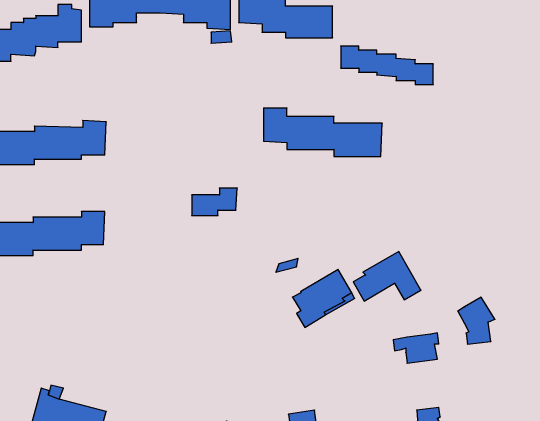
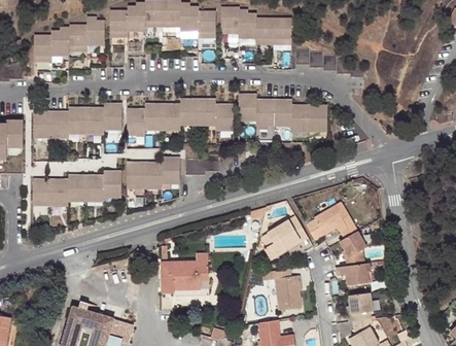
building: none -> [127,100,233,135]
building: none -> [126,160,180,188]
building: [458,297,495,344] -> [339,231,366,266]
building: none -> [160,251,206,291]
building: none -> [268,269,301,310]
building: none -> [348,292,372,321]

